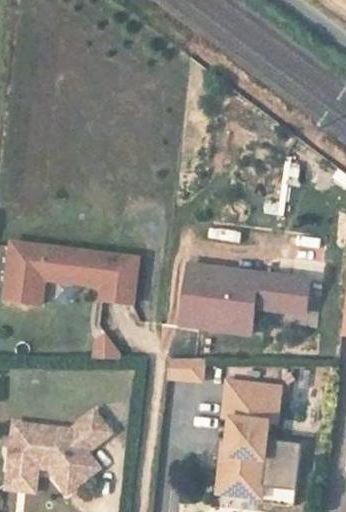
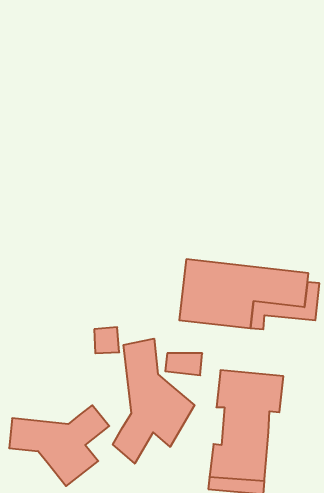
building: [5,242,138,304] -> none
building: none -> [113,339,195,464]
building: [265,438,303,488] -> none
building: [6,454,48,492] -> none

